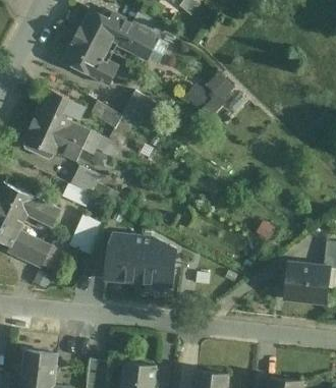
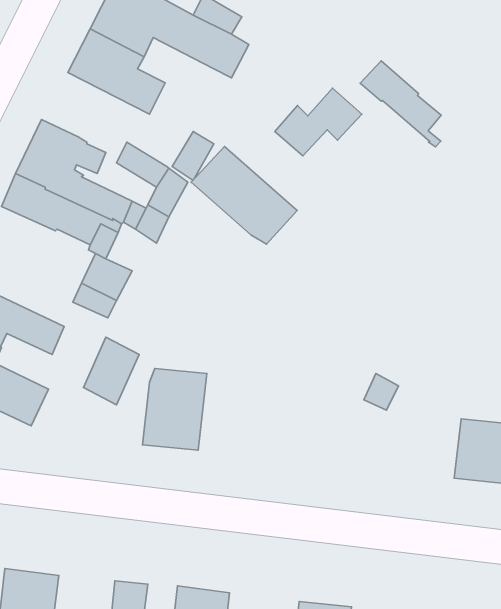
building: none -> [360,61,441,147]
building: none -> [191,146,297,244]
building: [138,237,174,286] -> none

